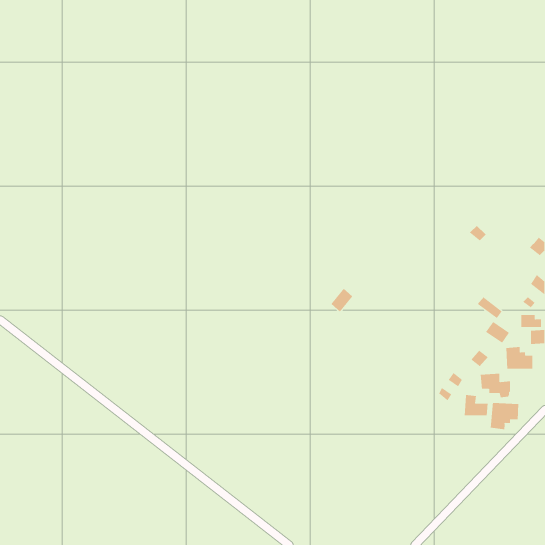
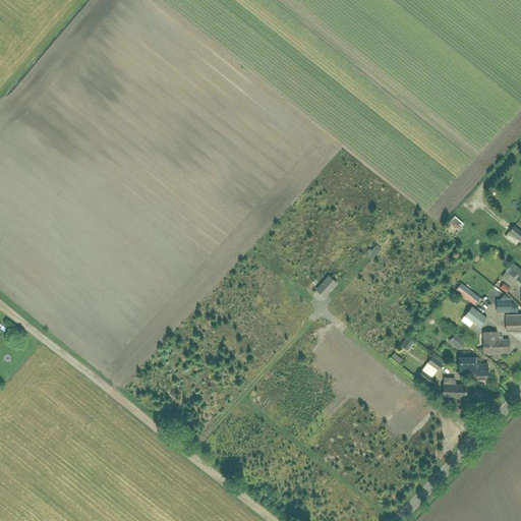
building: [490,402,519,430] -> none

